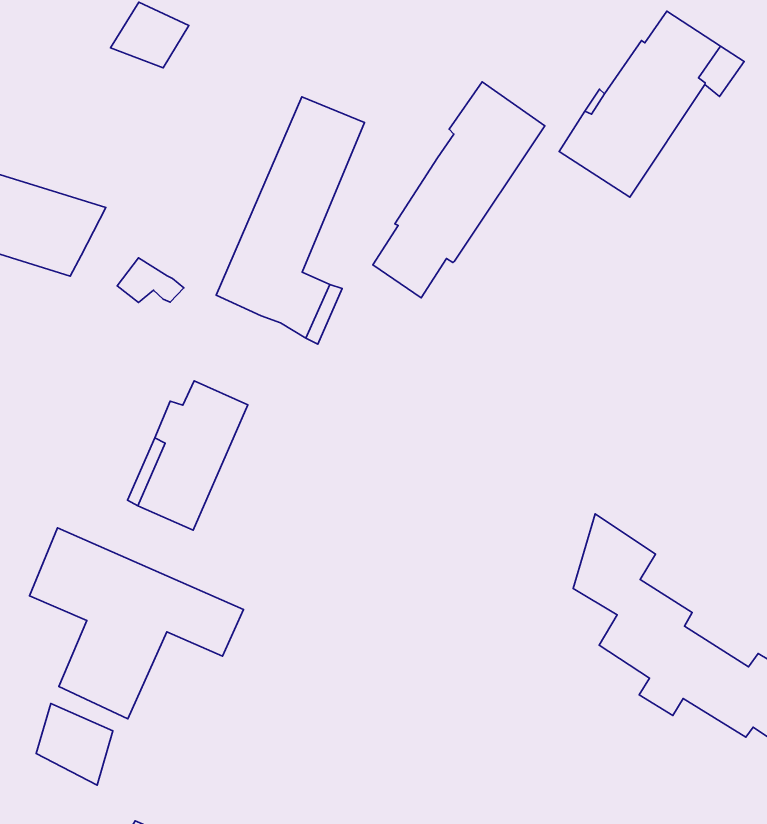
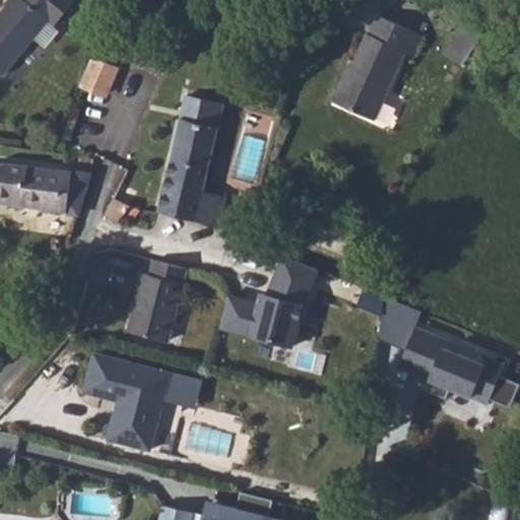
building: [373,82,545,298] -> none
building: none -> [219,256,319,346]
building: [36,704,113,785] -> none

